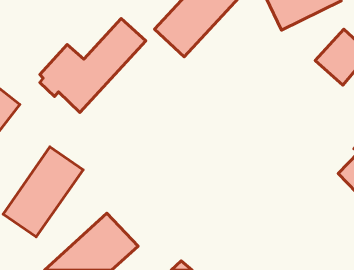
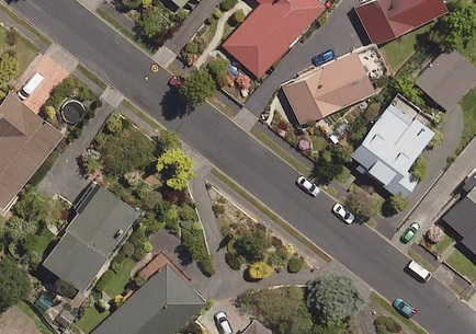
building: [40,19,146,112] -> none
building: none -> [283,46,385,126]
building: none -> [348,102,432,200]

